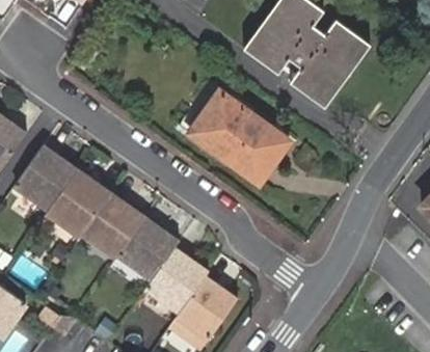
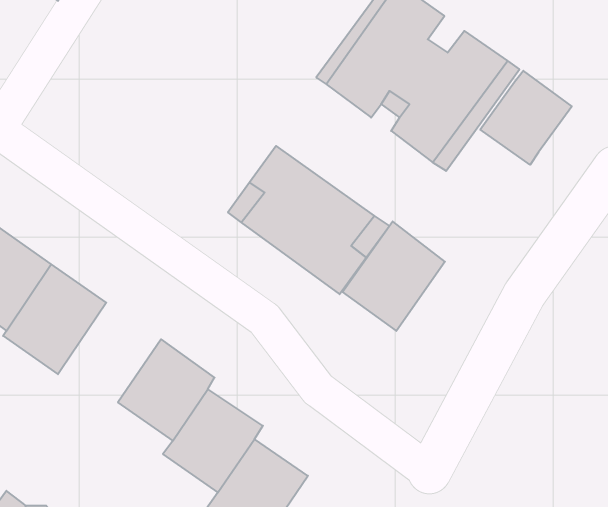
building: none -> [480,71,572,165]
building: none -> [343,221,445,331]
building: [84,191,146,255] -> none

